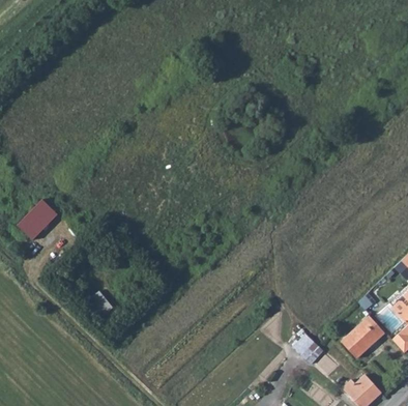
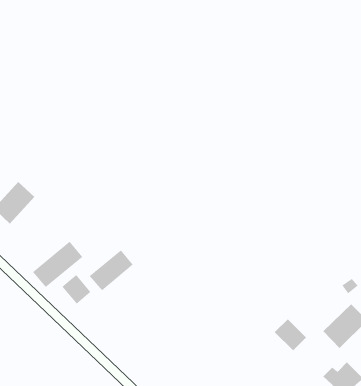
building: none -> [32,241,83,288]
building: none -> [89,250,133,291]

